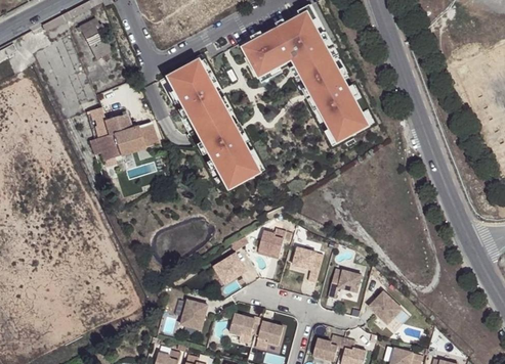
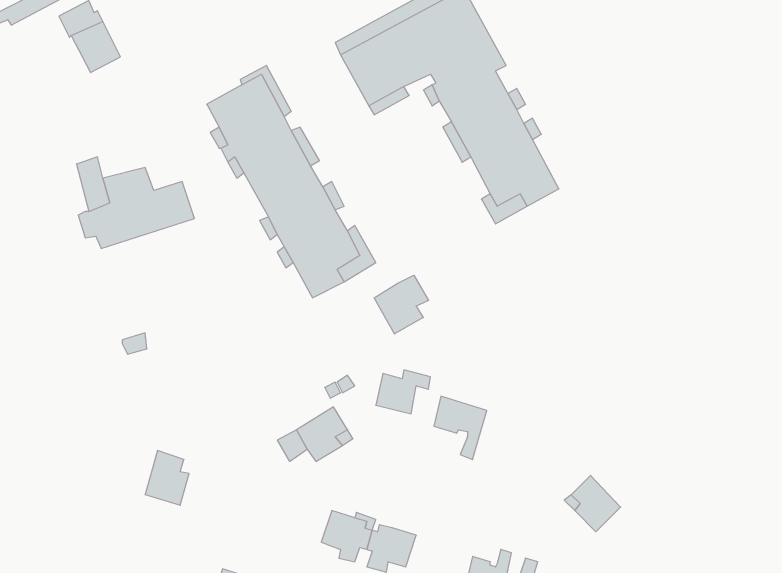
building: none -> [374,275,429,334]
building: [330,268,365,299] -> none
building: [181,298,207,329] -> [145,451,189,505]

